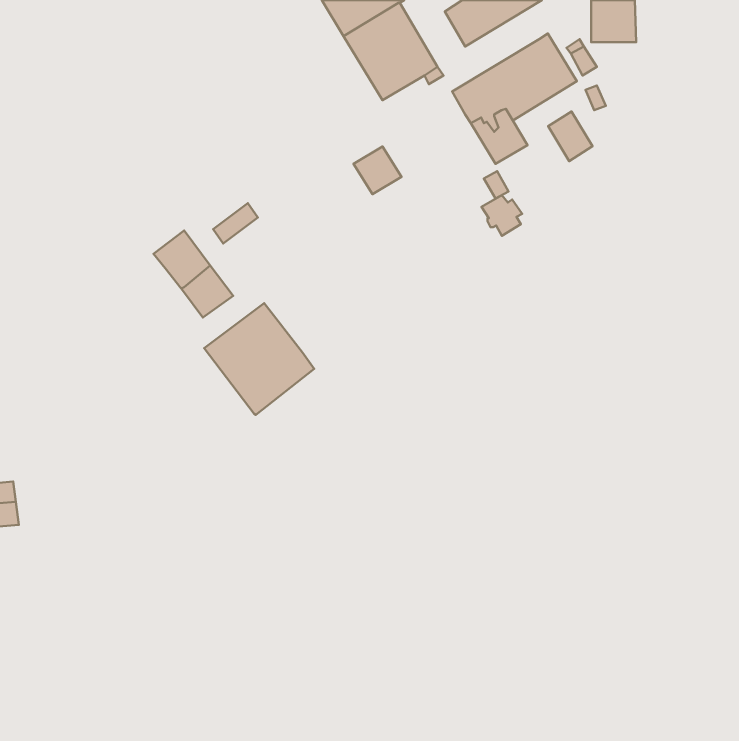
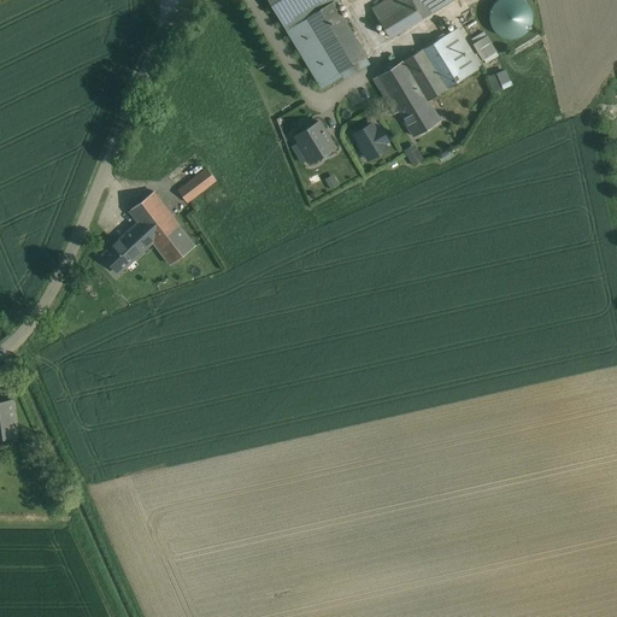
building: [548,111,593,161] -> none
building: [482,195,522,236] -> [353,124,387,158]
building: none -> [101,223,152,281]
building: [204,303,314,415] -> none

